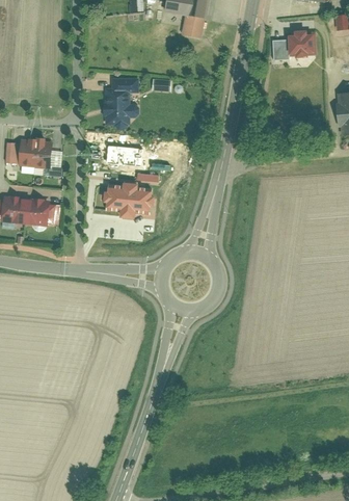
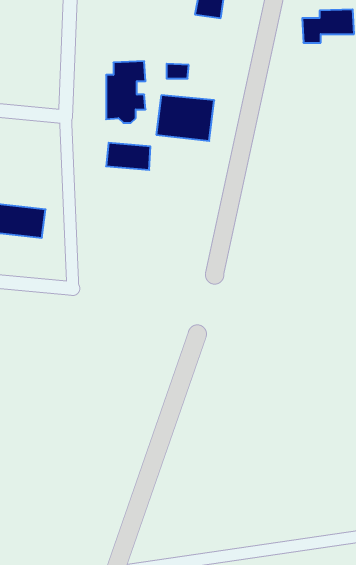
building: [21,140,58,167] -> none
building: [104,183,153,221] -> [156,95,214,141]

